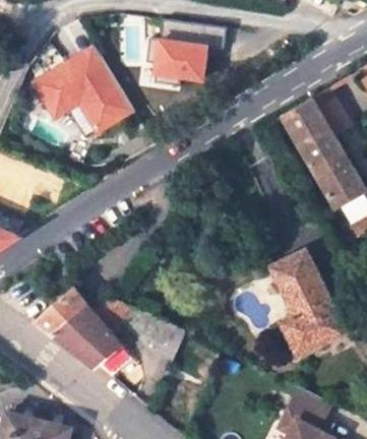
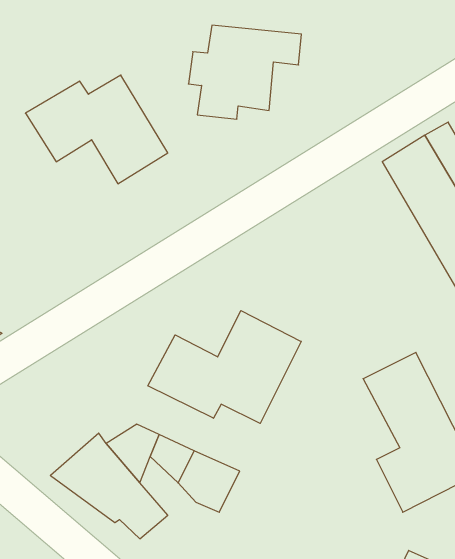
building: none -> [148,311,301,423]
building: [35,289,84,334] -> none

